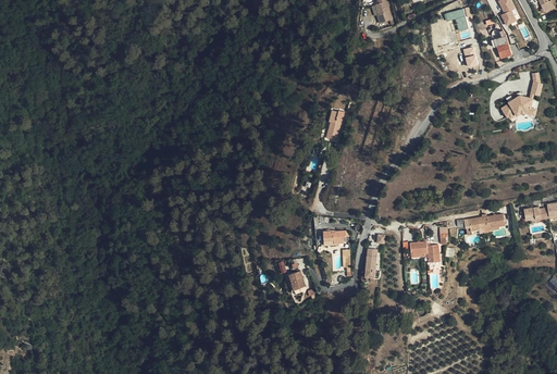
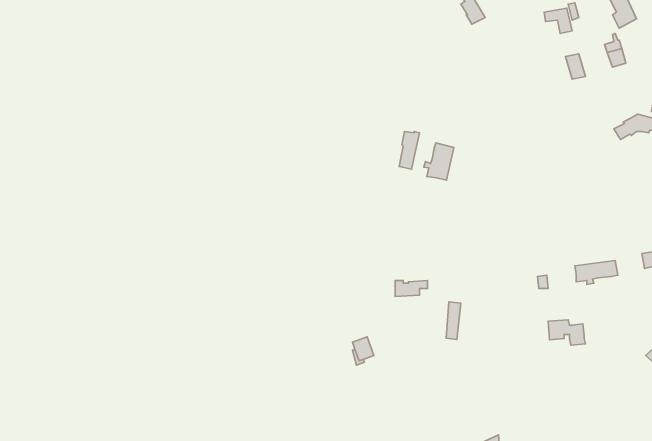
building: none -> [424,143,454,180]
building: [409,241,440,262] -> [548,320,586,345]

